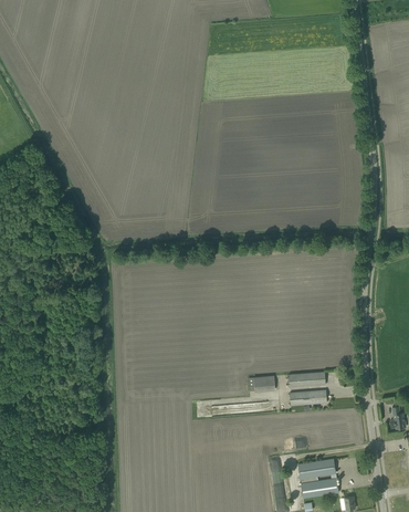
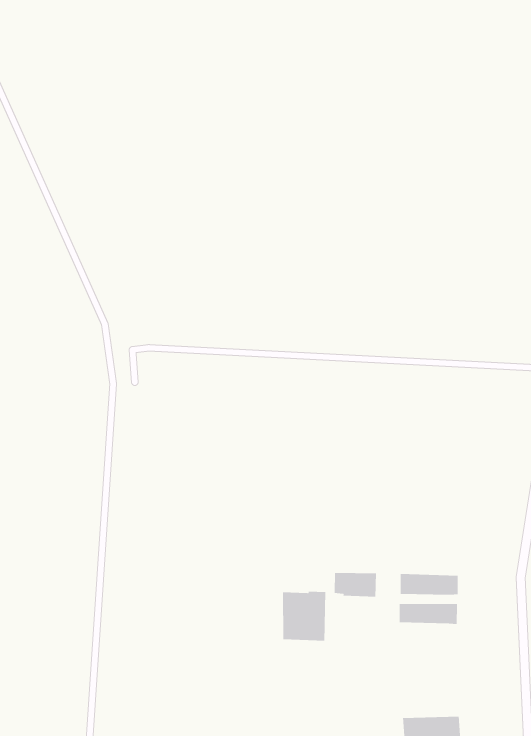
building: none -> [282,591,326,642]

